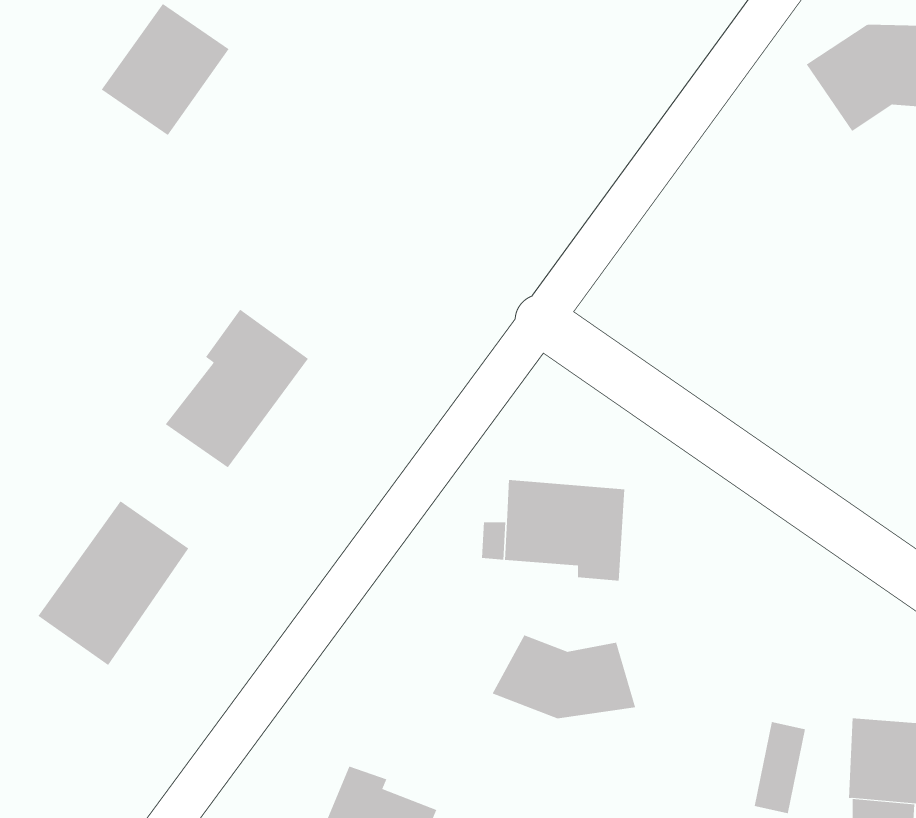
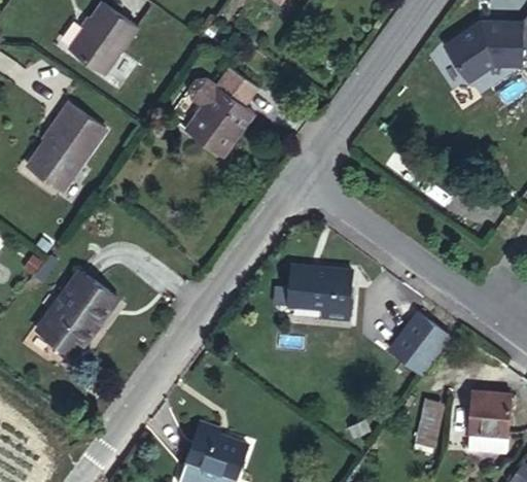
building: none -> [181,68,255,162]
building: [165,309,309,468] -> [27,109,104,195]
building: none -> [390,306,449,367]
building: [492,634,636,719] -> none

